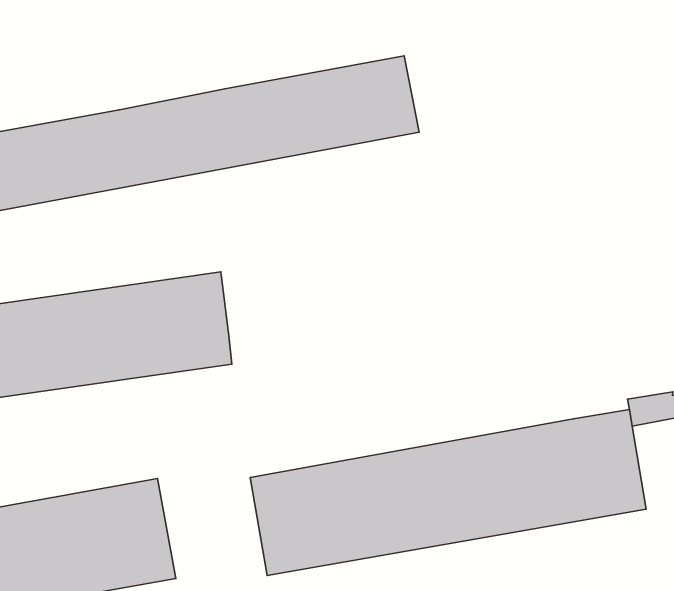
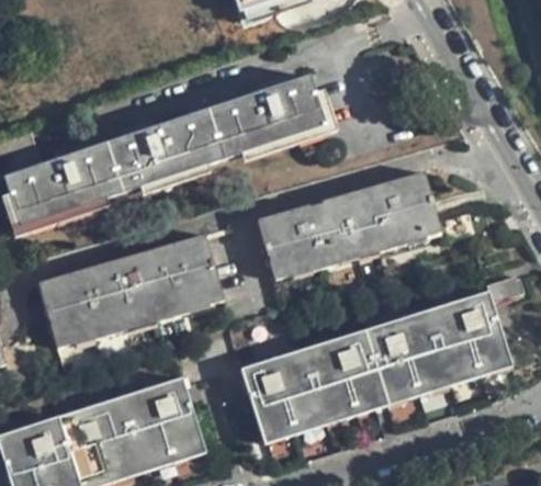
building: none -> [258,173,441,280]

